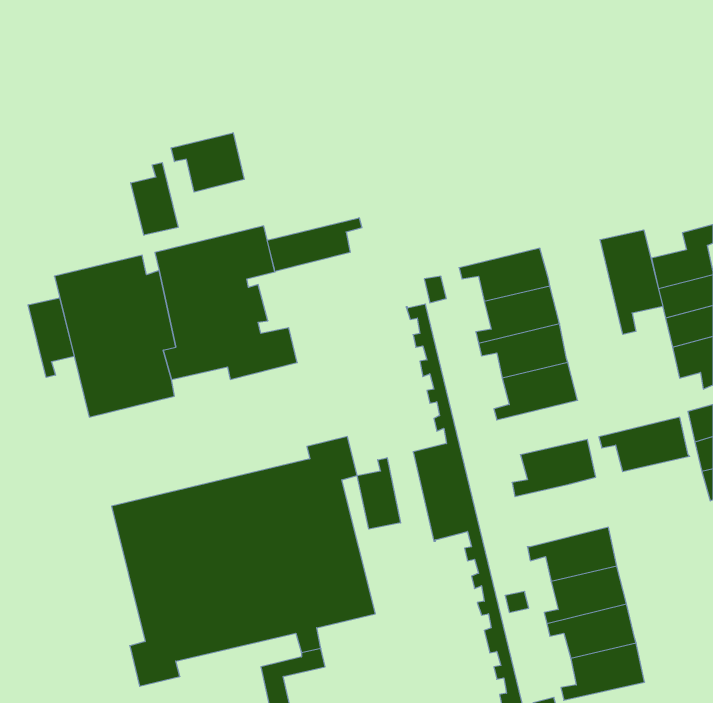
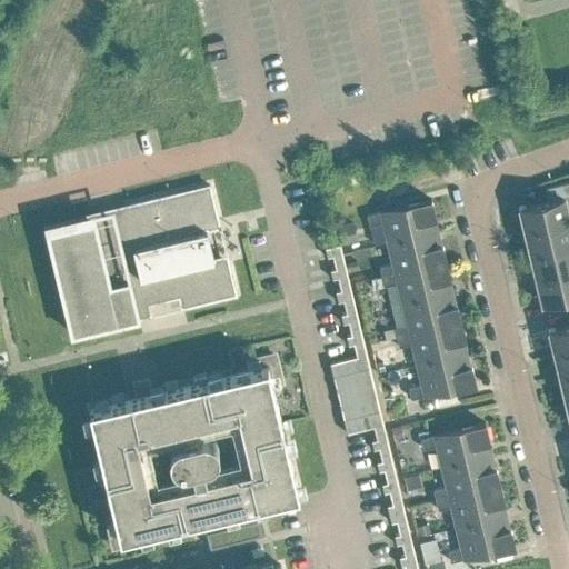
building: [171,133,244,192] -> none
building: [131,163,178,235] -> none
building: [267,218,362,271] -> none
building: [600,230,663,334] -> none
building: [28,298,74,377] -> none
building: [599,417,690,472] -> [396,327,468,370]
building: [357,458,401,529] -> none

